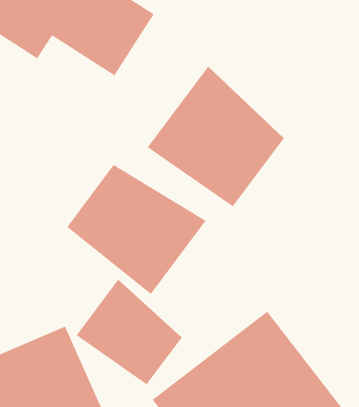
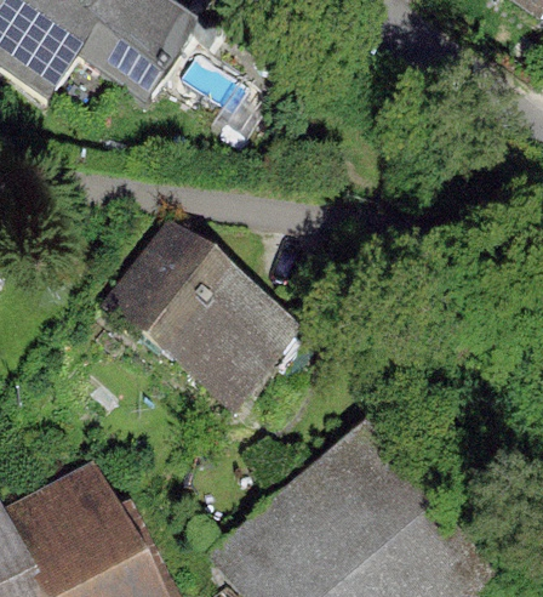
building: [147,66,285,207] -> none
building: [76,279,182,385] -> none

